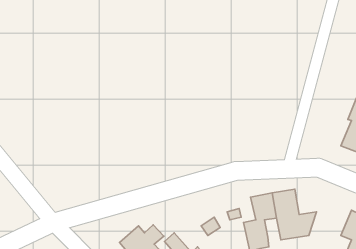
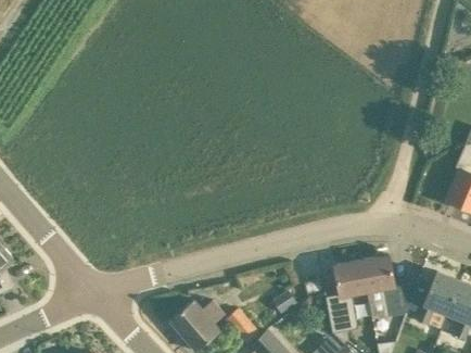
building: none -> [416,272,459,324]

